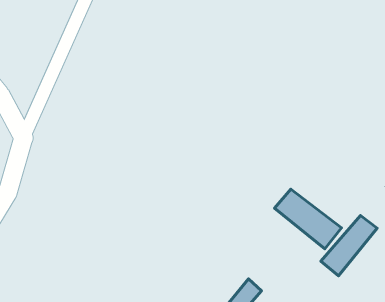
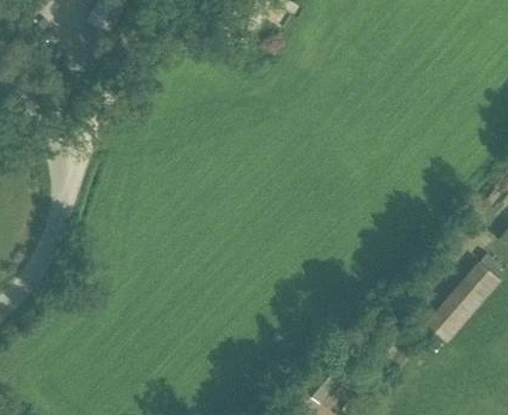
building: [275,189,342,249] -> none

